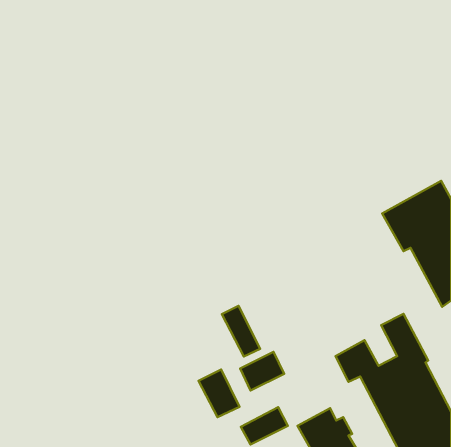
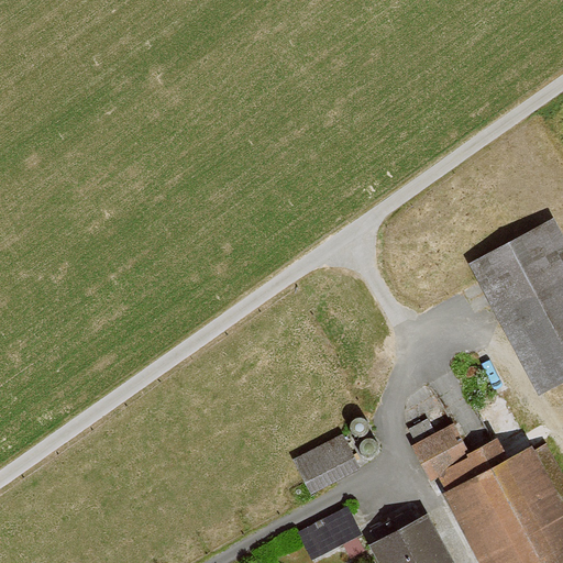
building: [222,306,260,356] -> none
building: [198,370,240,417] -> none

